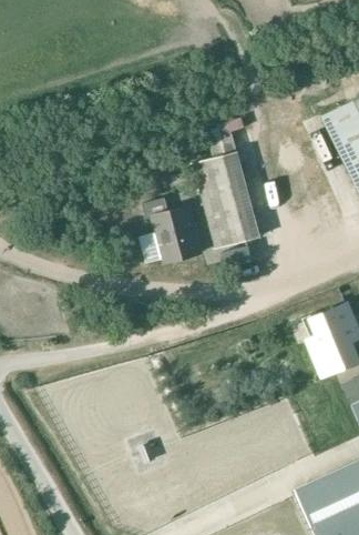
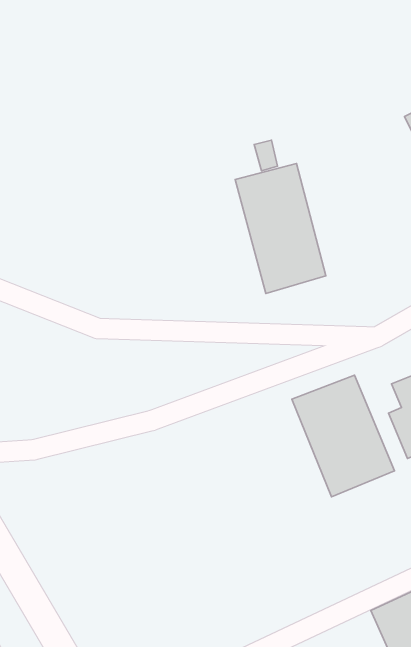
building: [142,196,201,263] -> none
building: none -> [292,375,395,497]

